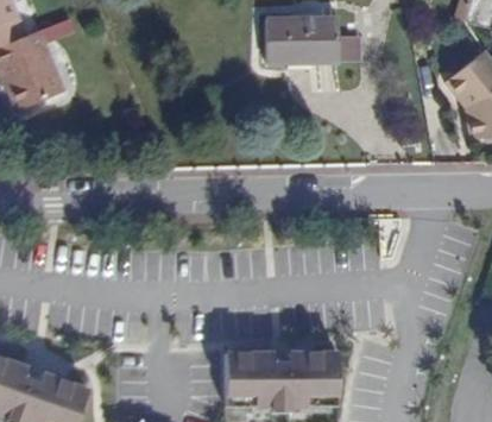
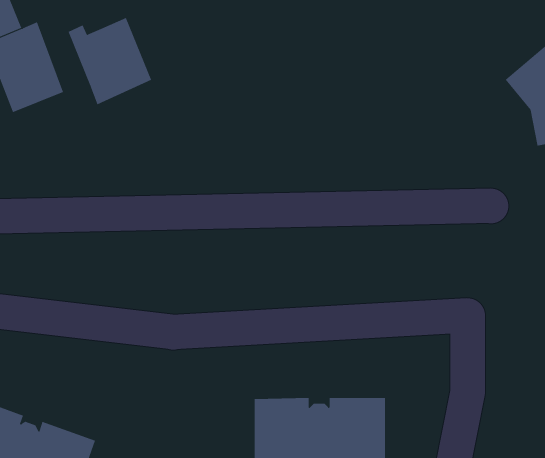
building: [266,17,339,61] -> none
building: none -> [68,17,152,105]

